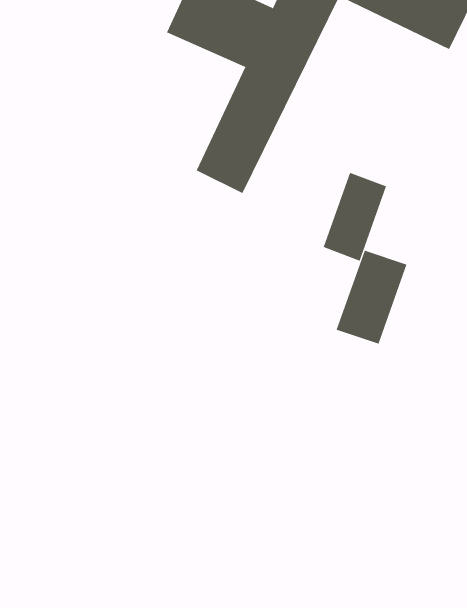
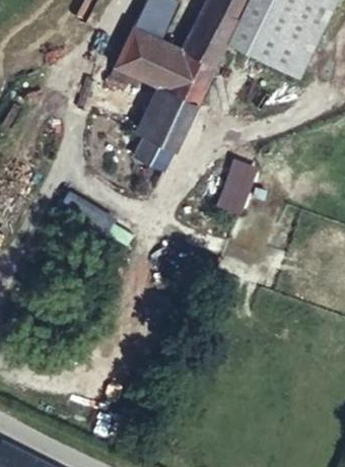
building: [336,250,407,345] -> none

